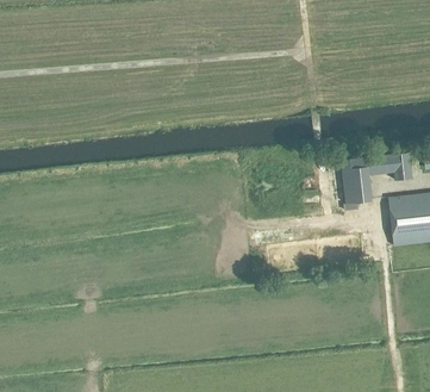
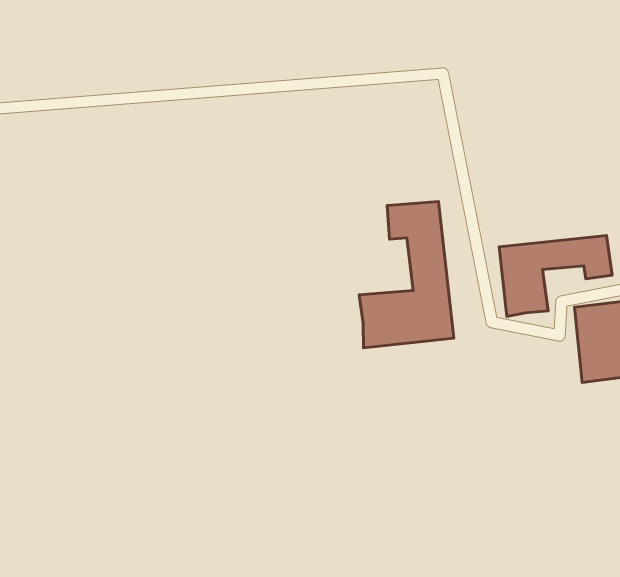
building: none -> [359,202,454,348]

